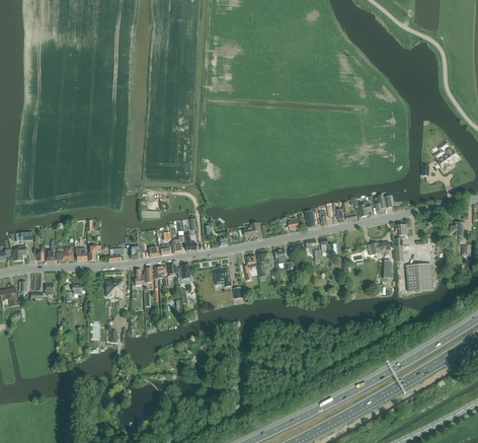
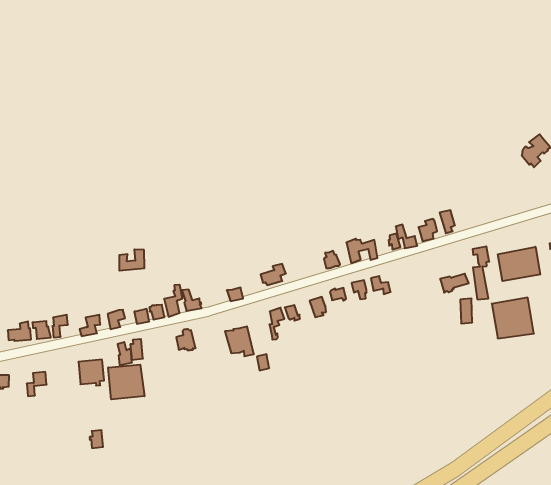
building: none -> [498,247,540,281]
building: none -> [108,365,144,399]

